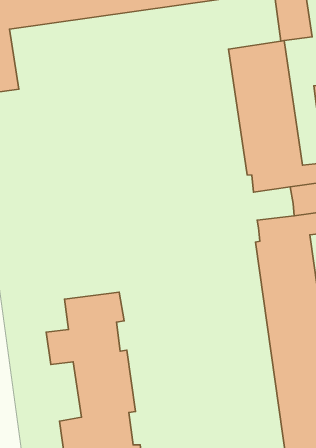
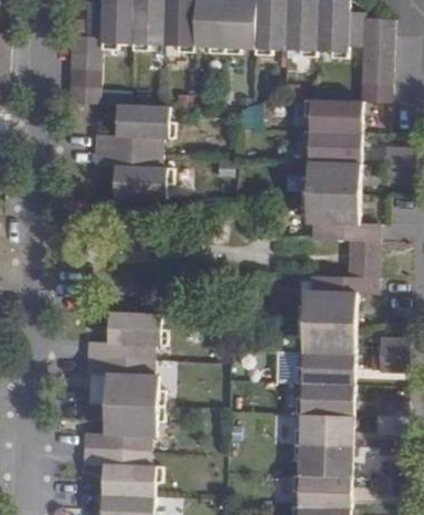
building: none -> [93,105,169,201]

